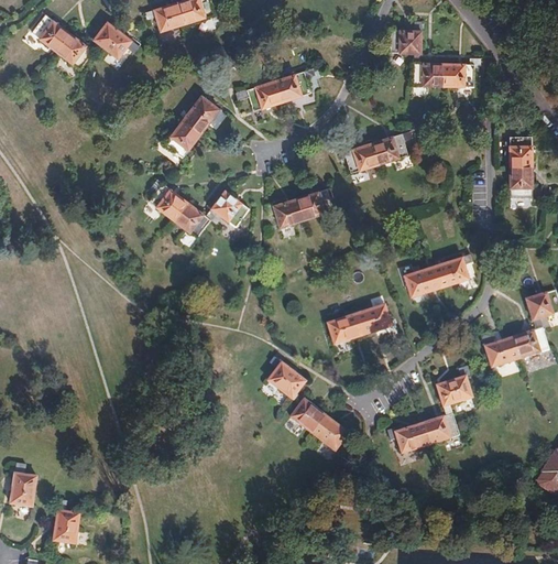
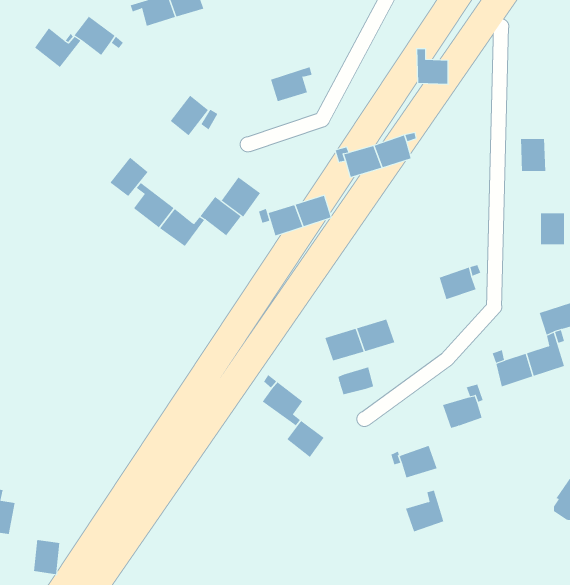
building: [30,13,68,51] -> none
building: [390,21,420,52] -> none
building: [441,58,479,86] -> none
building: [236,80,282,110] -> none
building: [163,119,199,156] -> [110,157,149,197]
building: [510,166,533,196] -> [540,213,565,245]
building: none -> [221,176,261,217]
building: [404,265,439,295] -> none
building: none -> [338,367,374,395]
building: [424,404,460,444] -> [405,490,444,532]
building: [313,415,349,451] -> none

